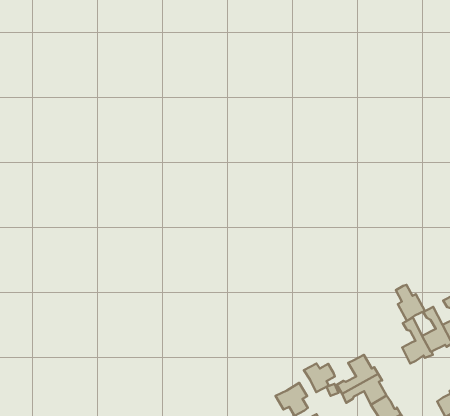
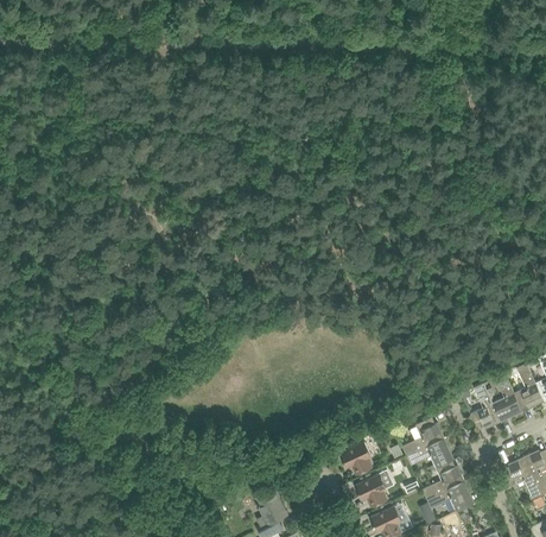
building: [396,285,425,321] -> none
building: [304,364,335,392] -> none

